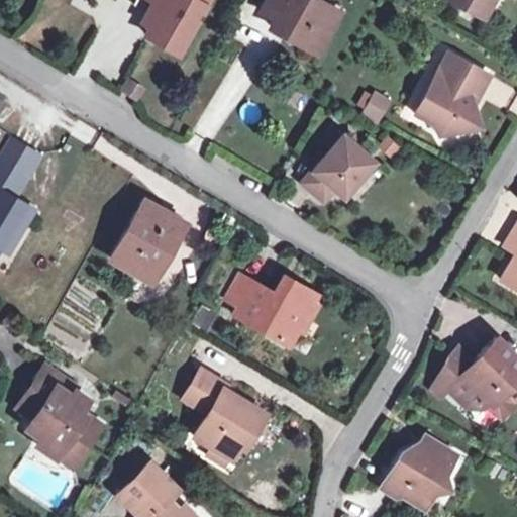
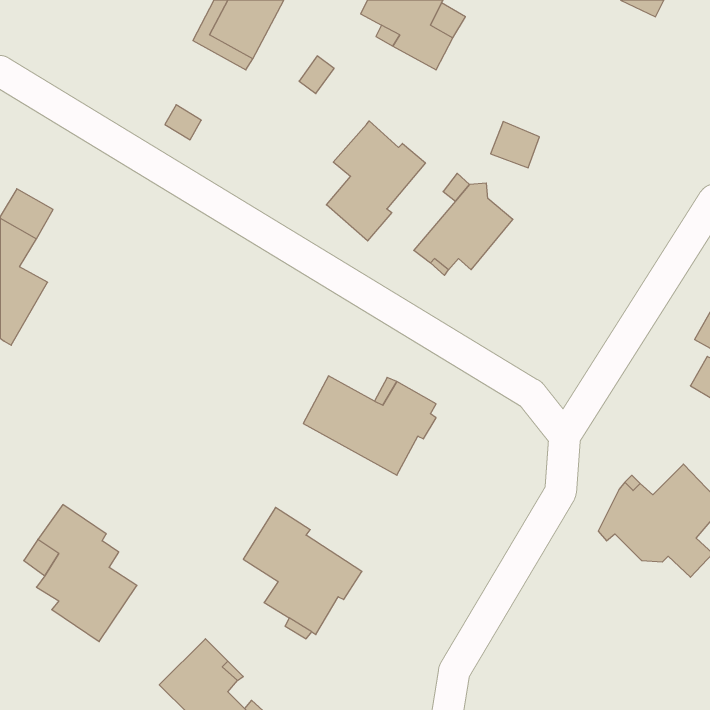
building: [415,54,489,136] -> none
building: none -> [326,121,425,241]
building: [113,199,184,281] -> none
building: [381,436,457,509] -> none

